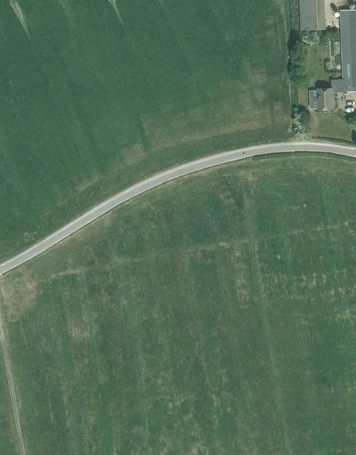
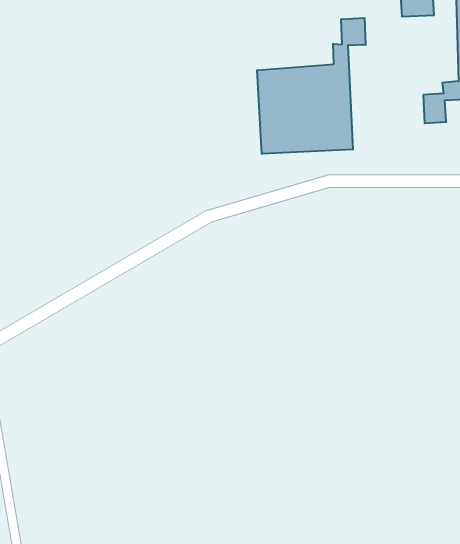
building: none -> [257,18,366,154]

